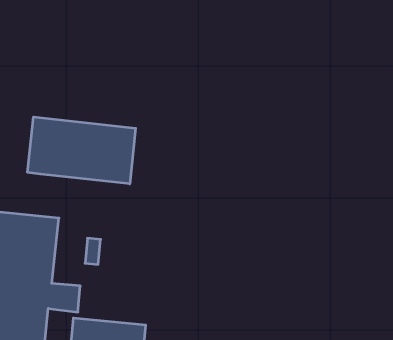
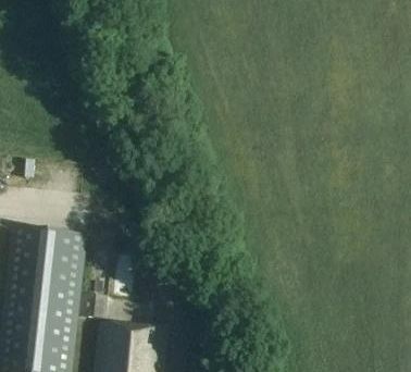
building: [28,117,136,184] -> none

